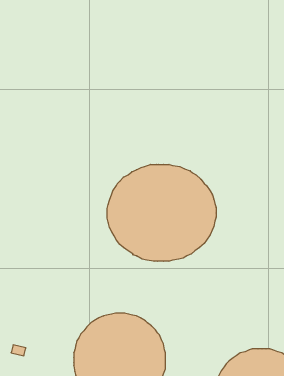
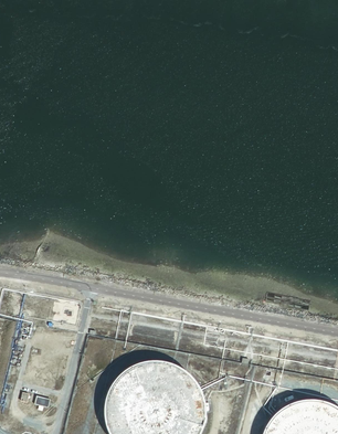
building: [107,164,216,261] -> none

